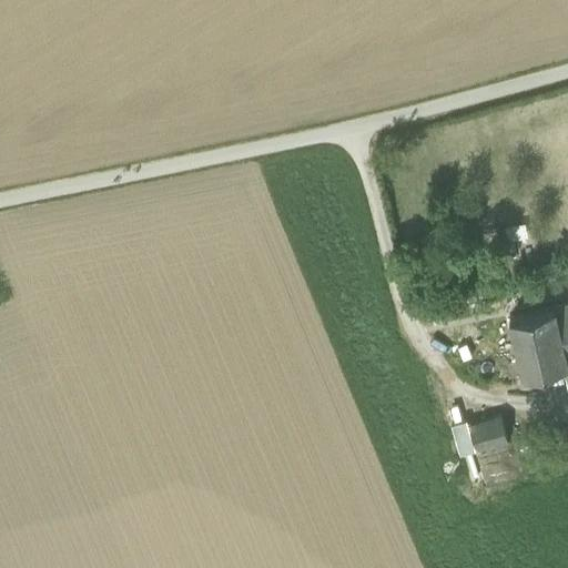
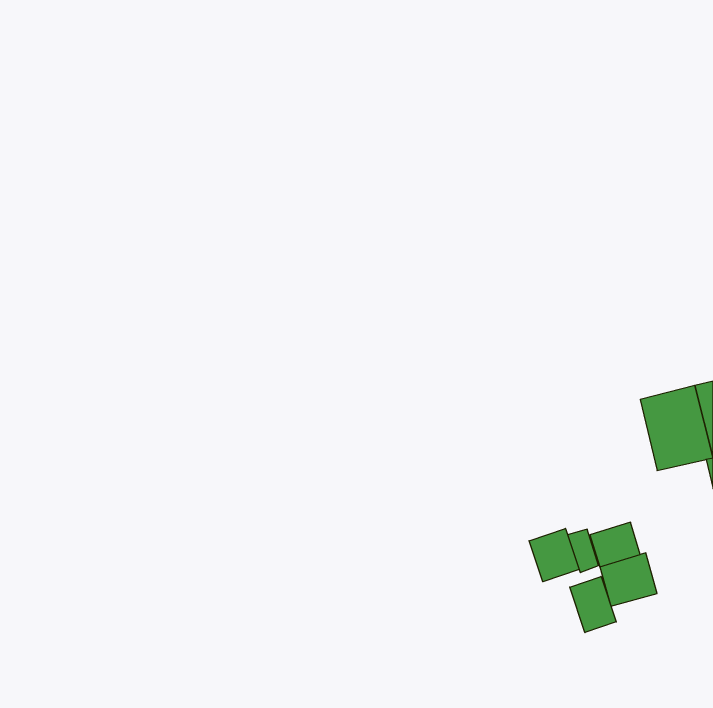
building: none -> [529,528,579,582]
building: none -> [570,576,616,633]

